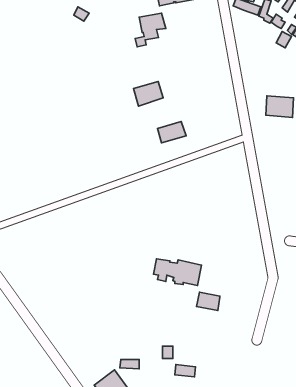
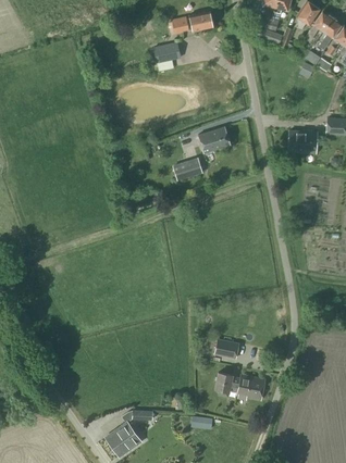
building: [134,82,163,106] -> [199,126,231,152]
building: [153,259,202,286] -> [215,372,267,400]

